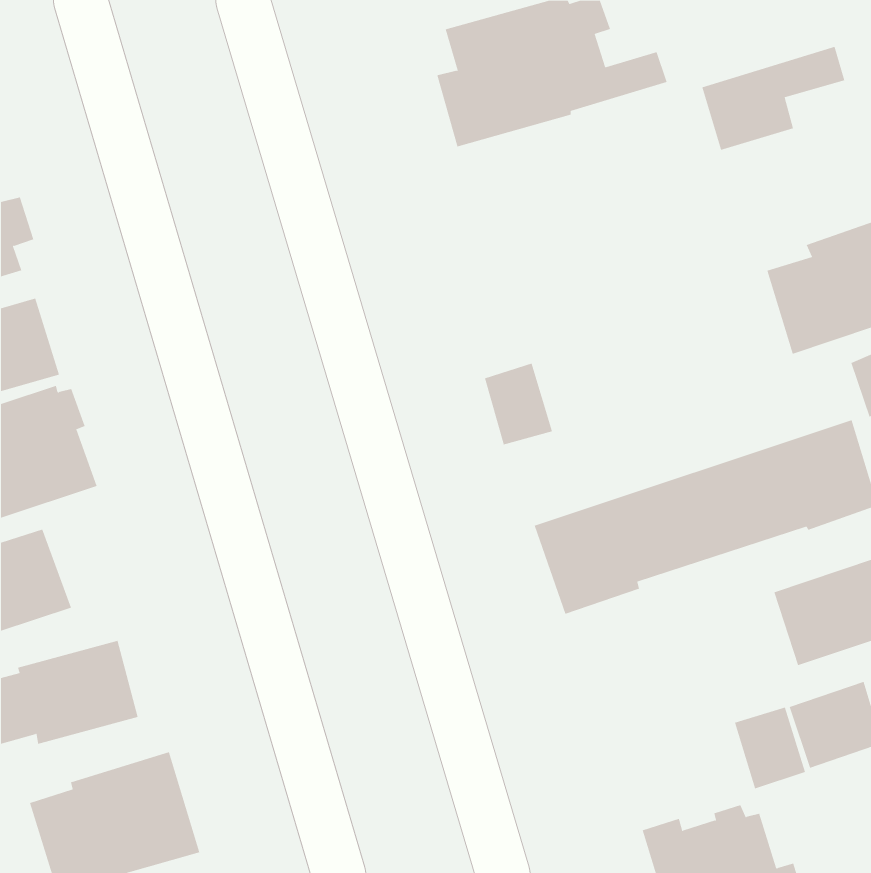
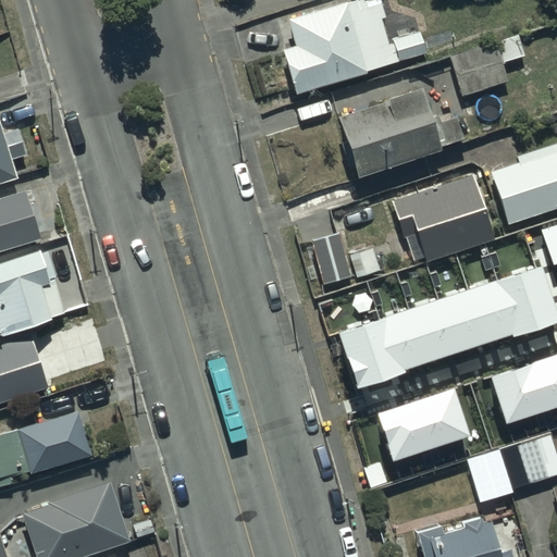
building: none -> [334,87,460,180]
building: none -> [388,174,491,263]
building: none -> [380,388,472,461]

